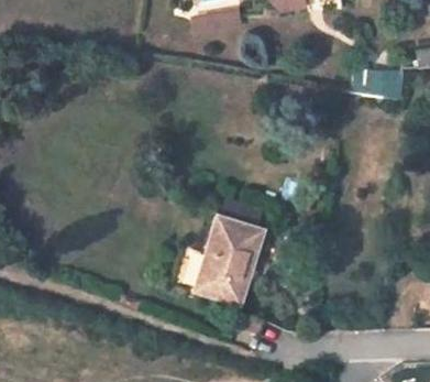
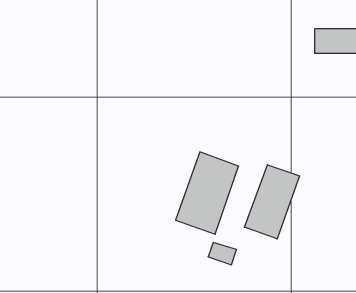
building: none -> [244,165,300,239]

